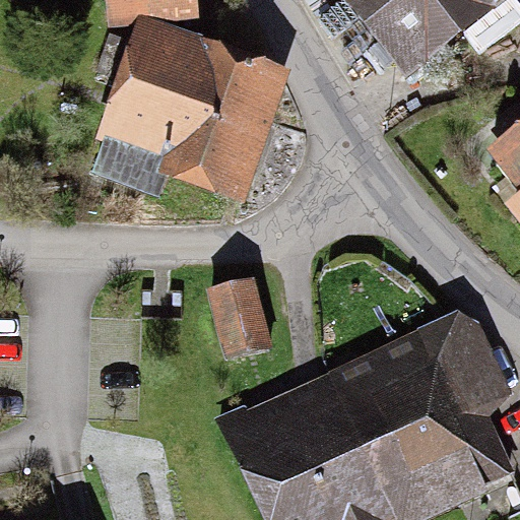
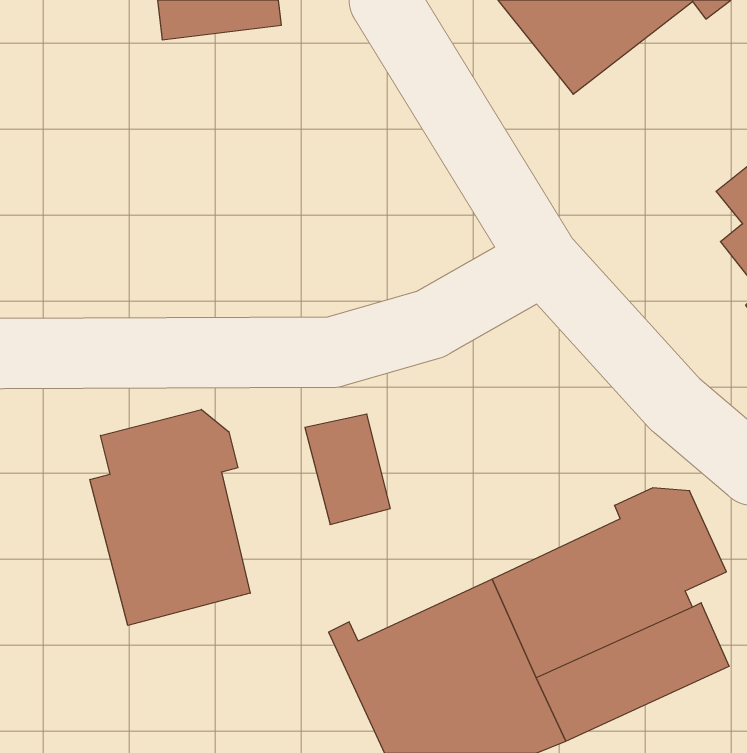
building: [100,29,278,199] -> none
building: none -> [90,409,250,625]

